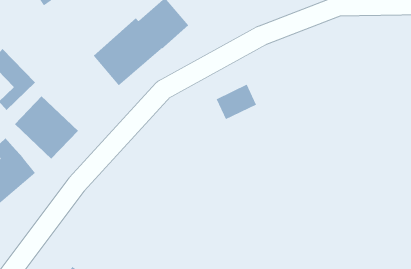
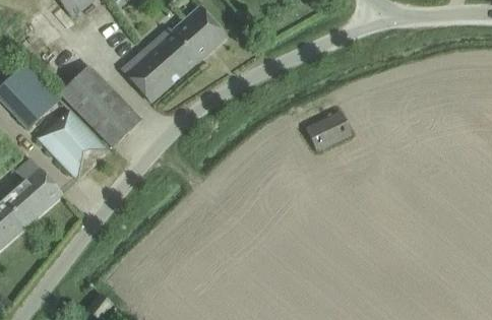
building: none -> [59,65,140,146]
building: [216,84,257,120] -> [306,111,350,149]

